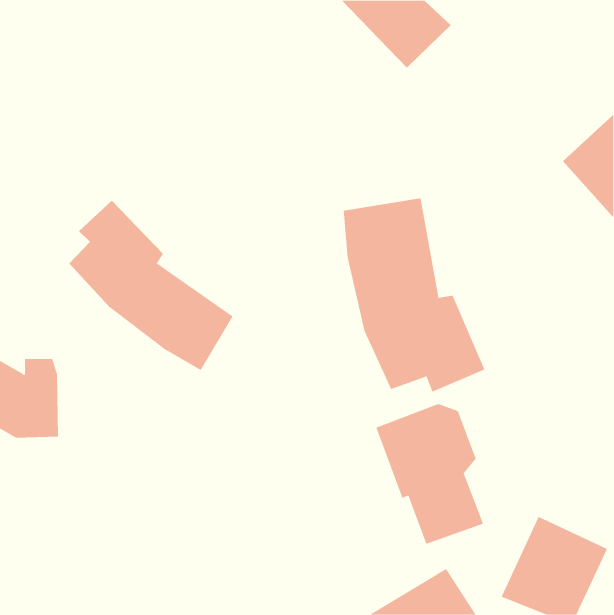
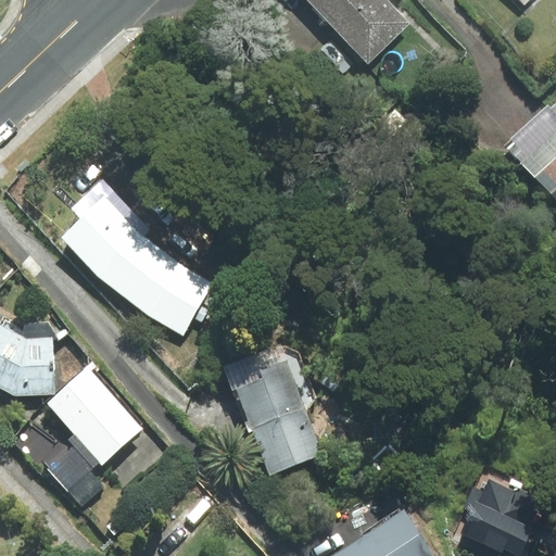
building: [343,198,485,393] -> none
building: [375,404,484,544] -> [224,346,321,473]
building: none -> [48,367,142,505]

